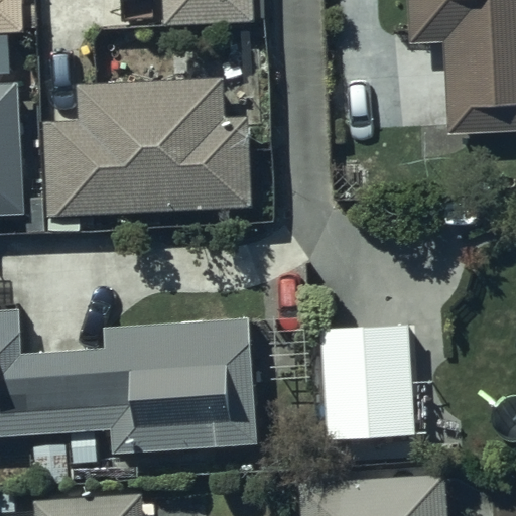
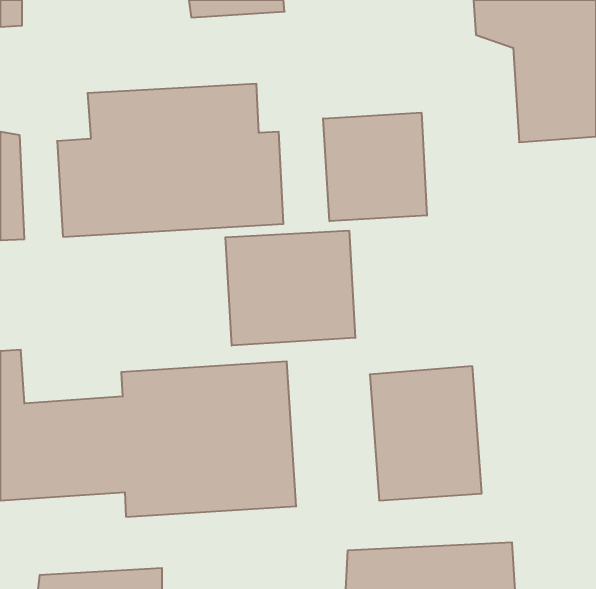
building: none -> [323,113,427,221]
building: none -> [225,231,355,346]

